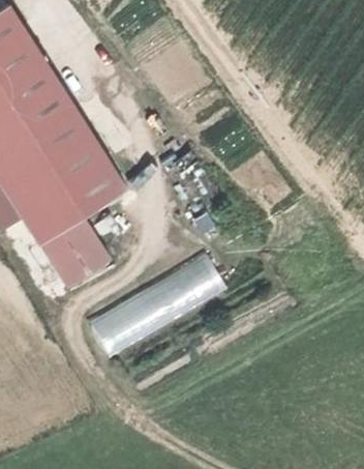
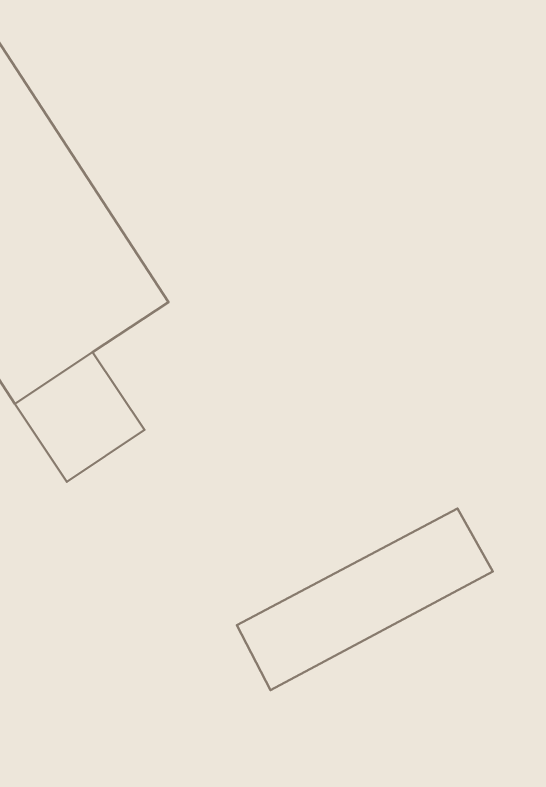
building: [85,257,228,358] -> [237,509,493,690]

